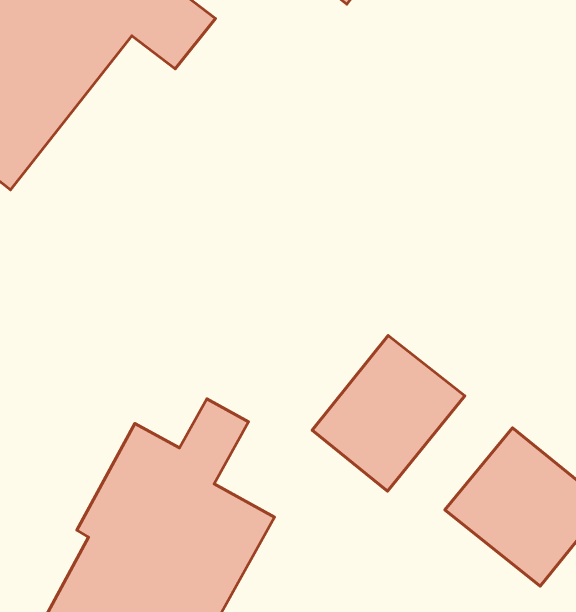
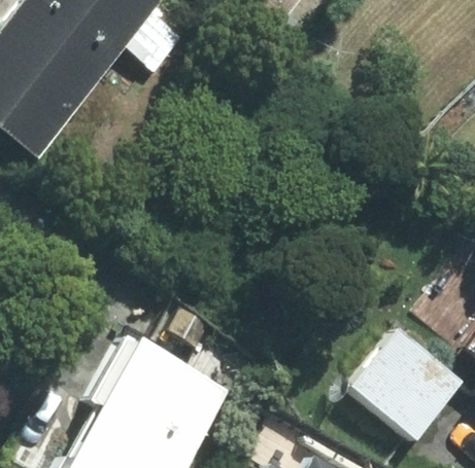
building: [312,335,465,491] -> none

